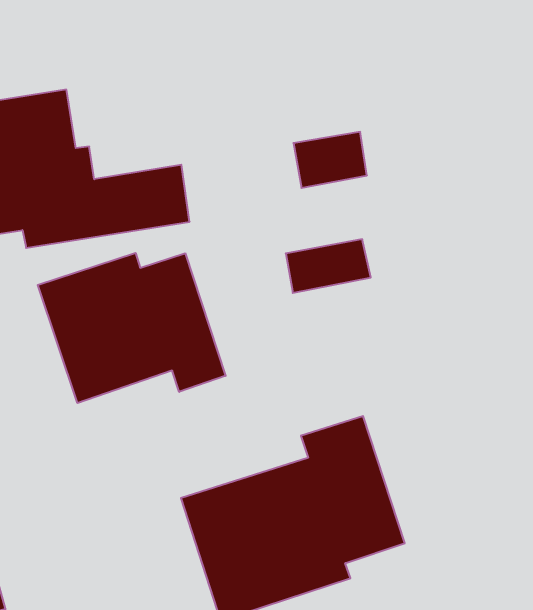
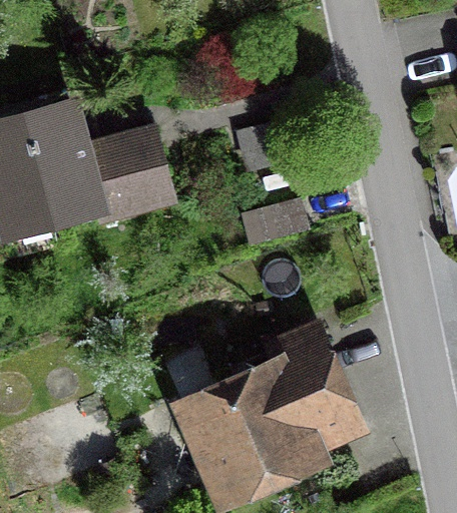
building: [38,253,226,403] -> none

